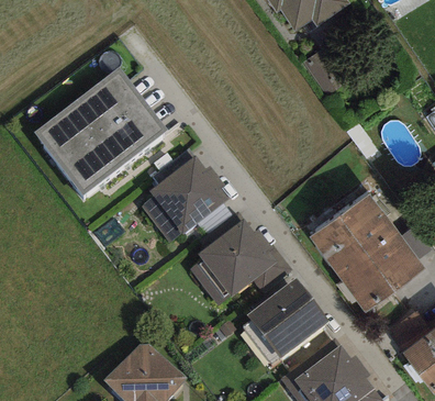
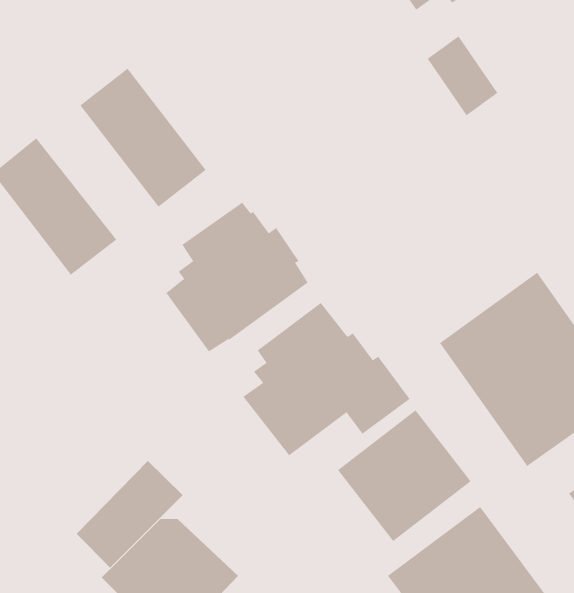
building: [63,91,137,174] -> none
building: none -> [76,460,184,569]

